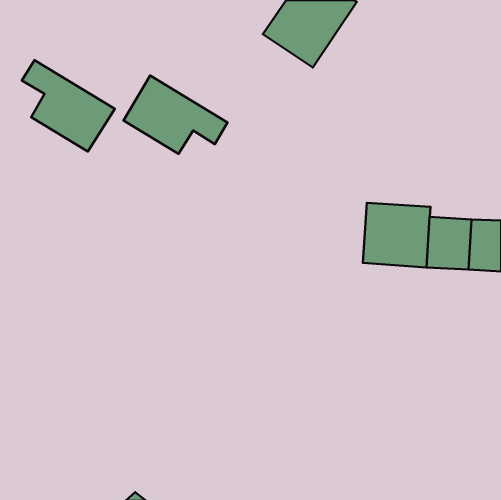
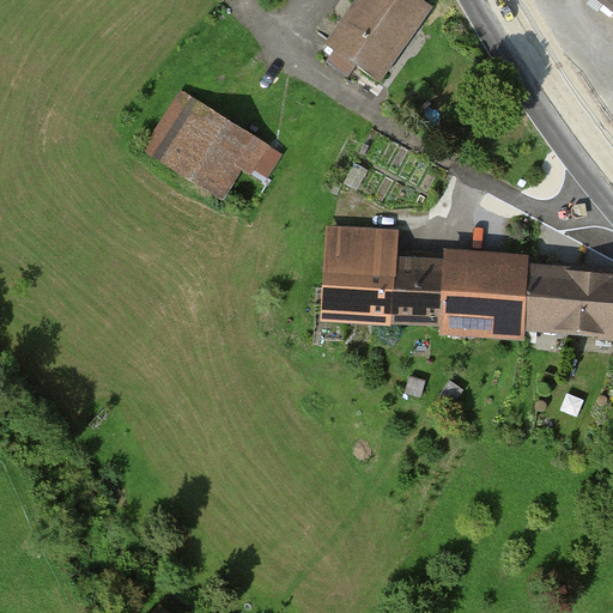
building: [22,60,115,152] -> none
building: none -> [321,225,445,326]

